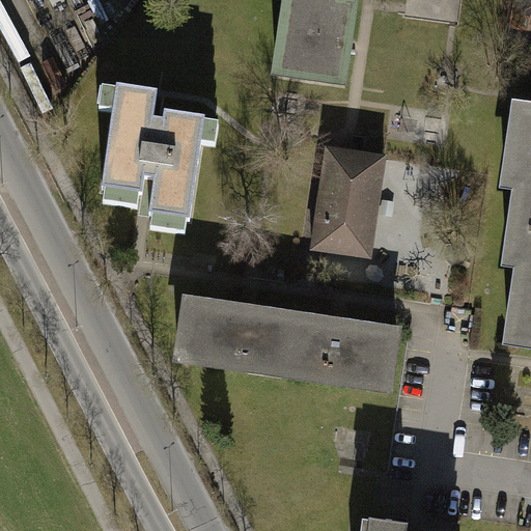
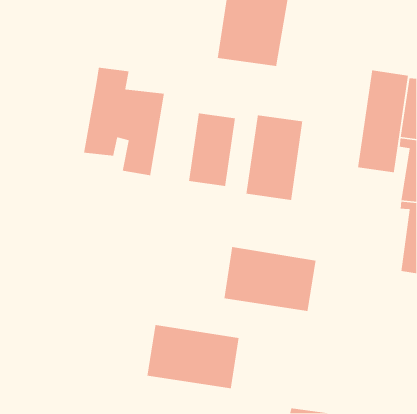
building: none -> [357,70,409,173]
building: none -> [188,112,236,187]
building: [173,294,290,375] -> [147,324,240,389]

